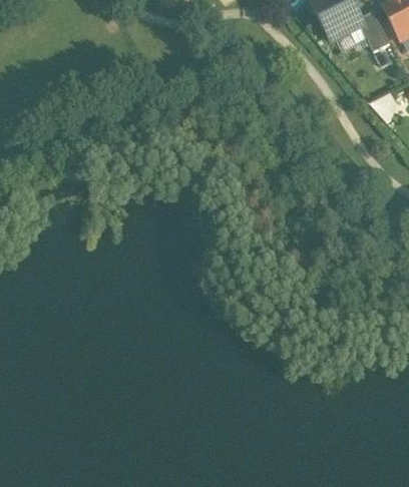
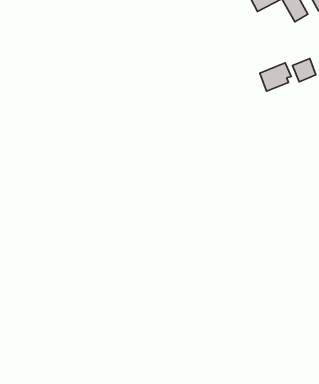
building: none -> [260,63,291,91]

